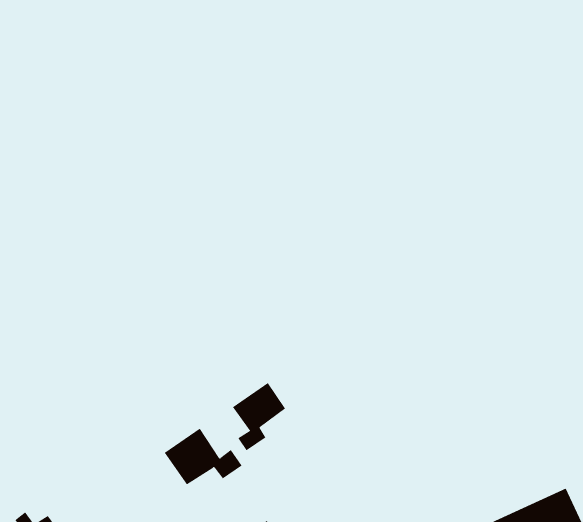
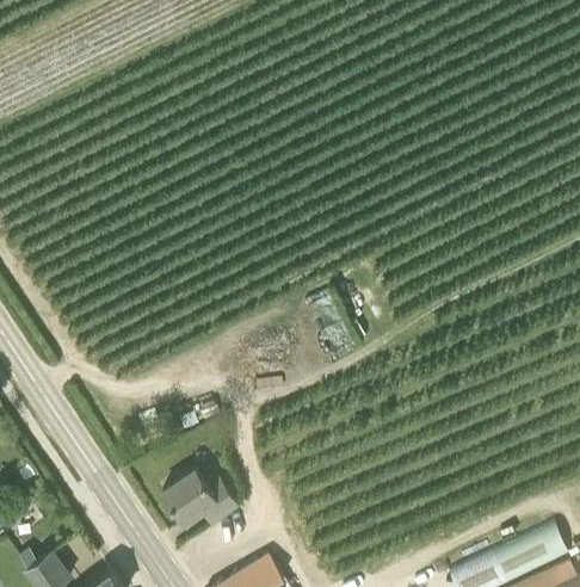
building: [232,382,286,451] -> none

